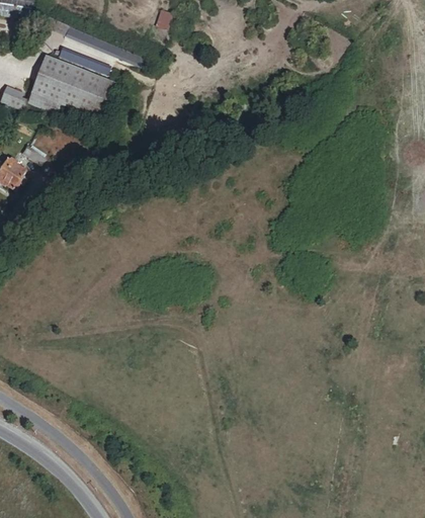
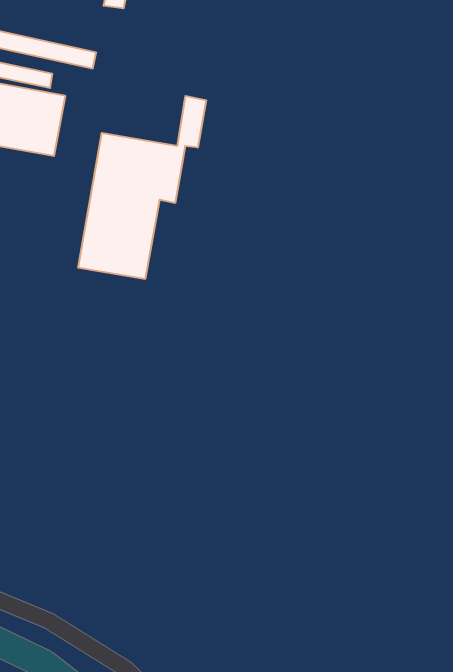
building: none -> [78,96,206,279]

